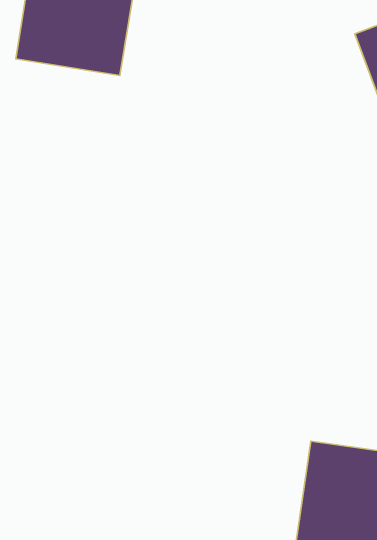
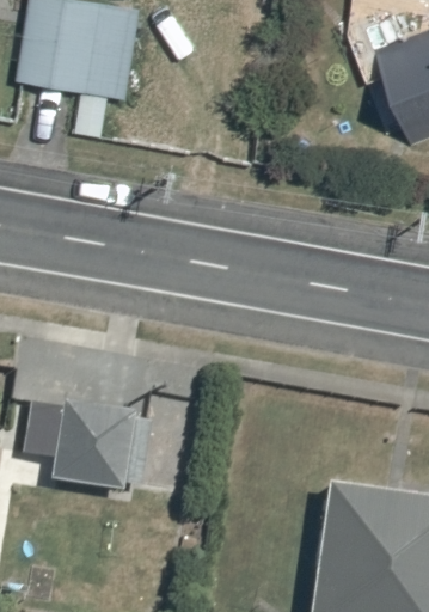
building: none -> [20,400,154,491]

